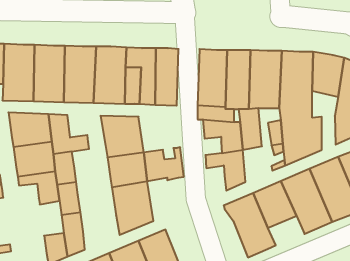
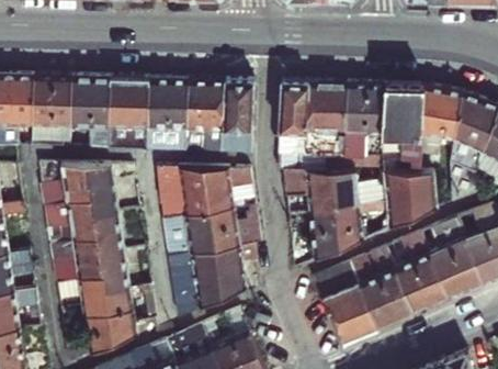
building: none -> [203,168,251,213]
building: none -> [335,205,362,250]
building: none -> [214,245,254,300]
building: none -> [56,275,109,318]
building: none -> [366,293,412,331]

